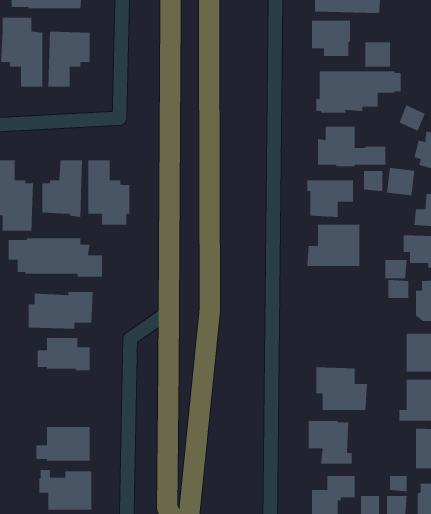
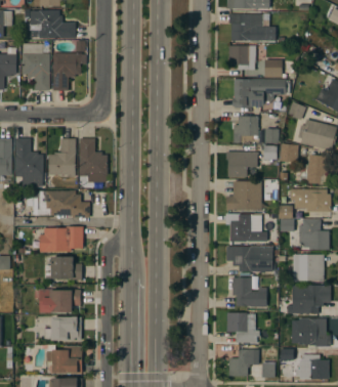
building: none -> [225,213,266,242]
building: none -> [225,246,272,273]
building: none -> [39,289,80,312]

